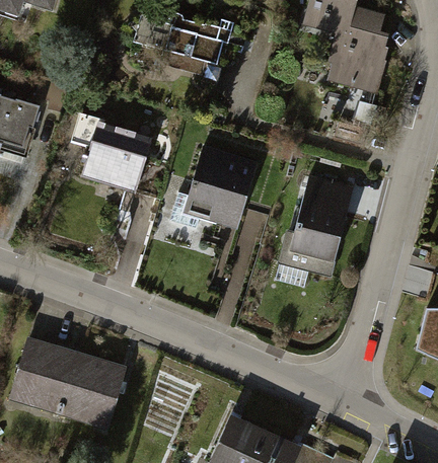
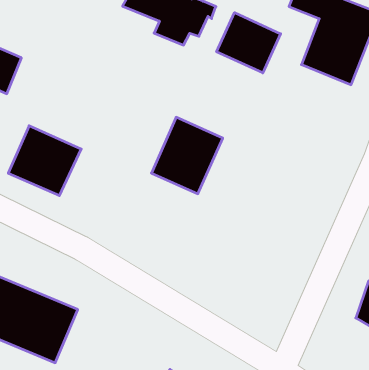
building: none -> [217,13,281,73]
building: [76,120,150,189] -> [8,126,81,196]
building: [286,180,355,275] -> none

